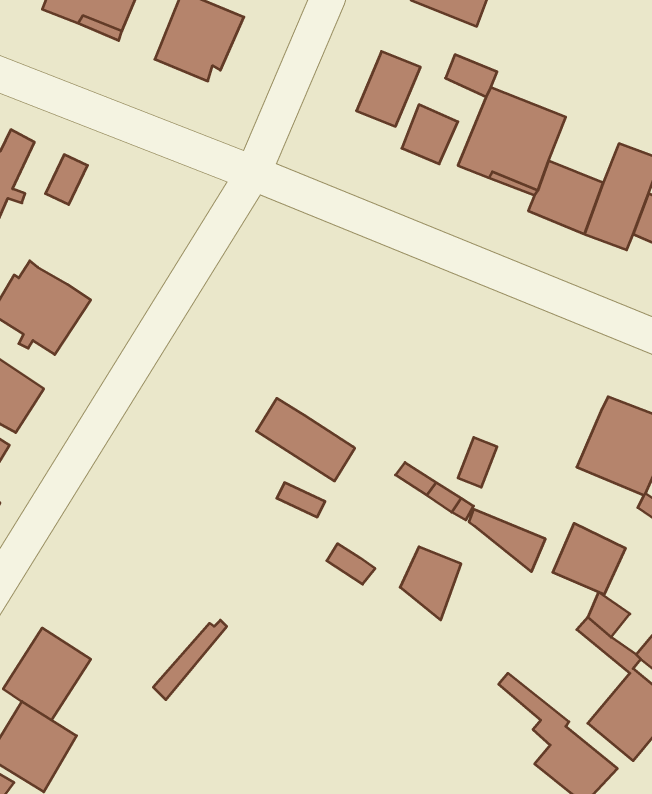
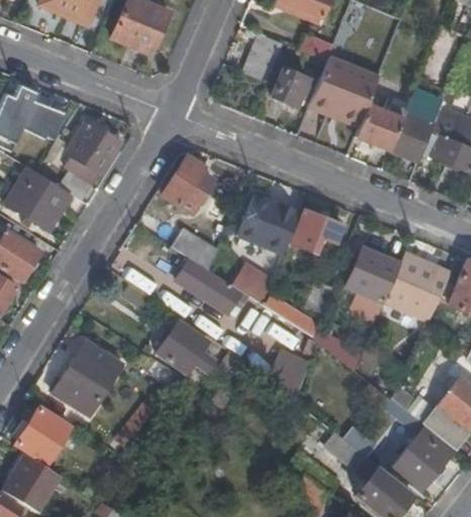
building: none -> [56,123,120,201]
building: none -> [164,156,214,213]
building: none -> [239,195,285,248]
building: none -> [292,209,343,249]
building: none -> [172,225,217,269]
building: none -> [347,249,401,304]
building: none -> [232,263,273,305]
building: none -> [159,321,215,373]
building: [553,523,625,594] -> none
building: none -> [54,350,109,417]

